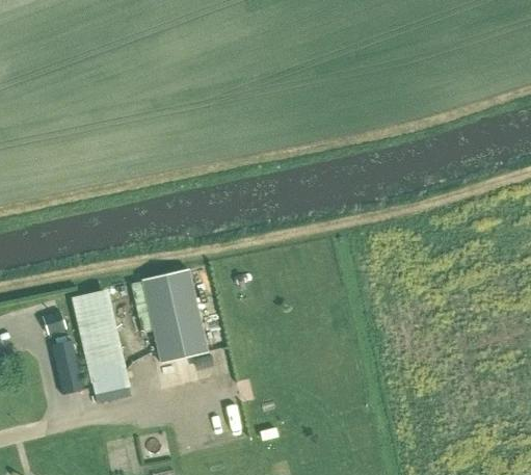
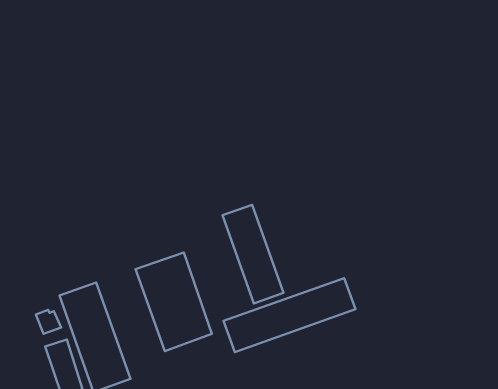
building: none -> [223,205,283,303]
building: none -> [224,278,355,352]

